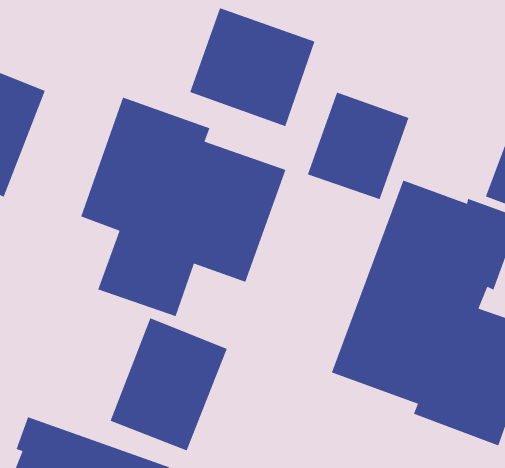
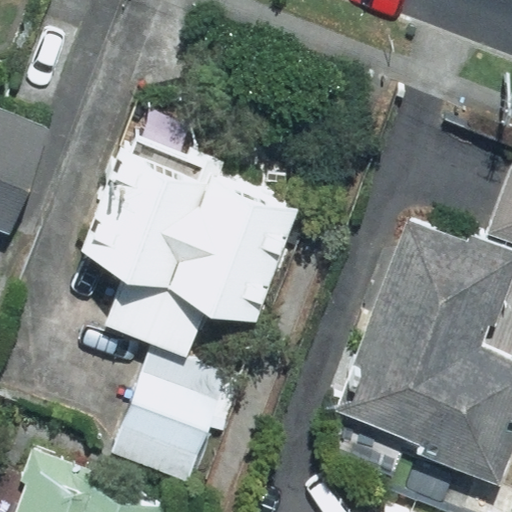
building: [189,7,315,127] -> none
building: [307,91,409,200] -> none

